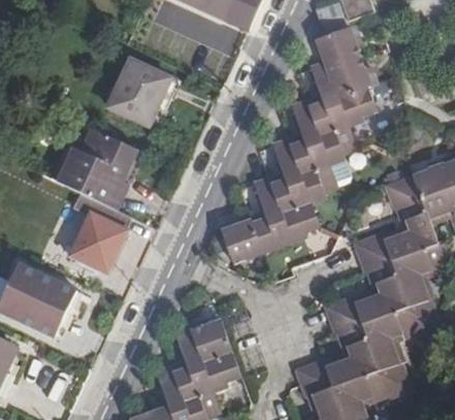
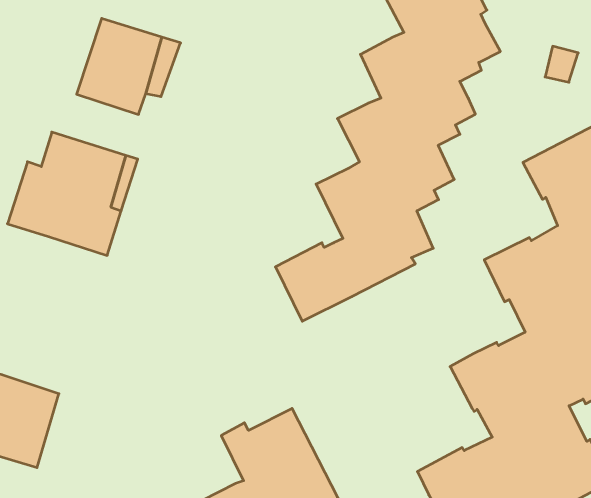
building: [69,192,135,273] -> none

